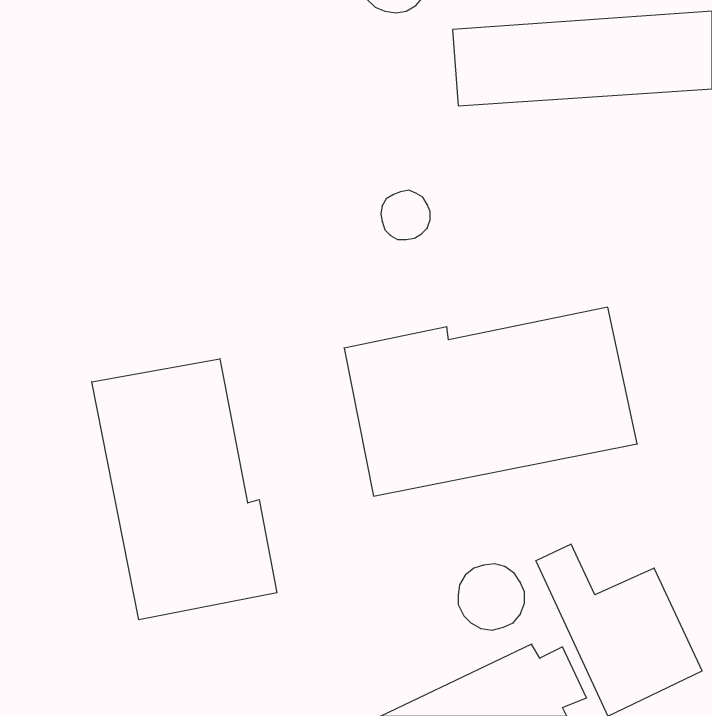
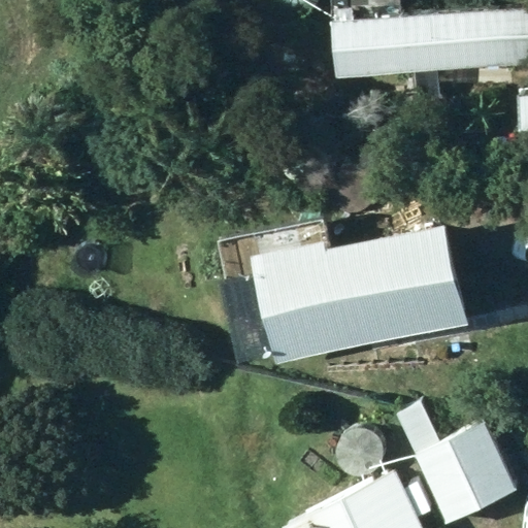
building: [92,359,277,620] -> none

